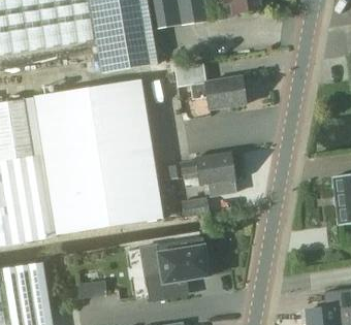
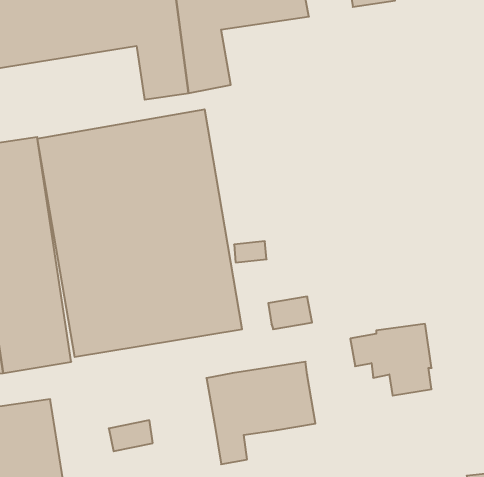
building: [178,62,250,109] -> none
building: [183,151,234,196] -> [350,324,432,396]

